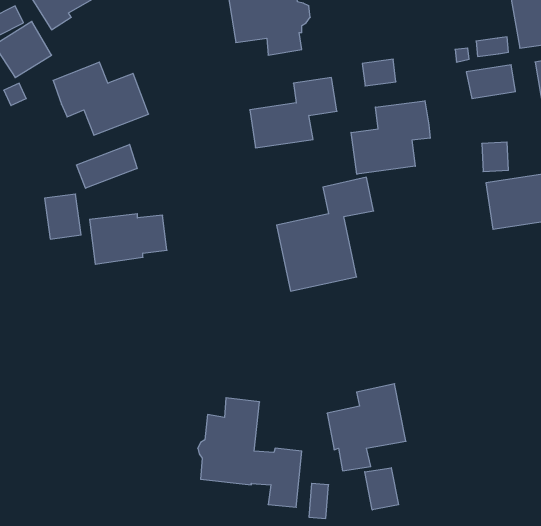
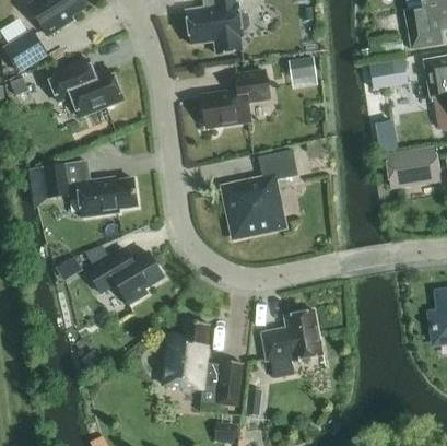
building: [351,101,430,174] -> none
building: [77,144,137,188] -> none
building: none -> [86,247,163,303]
building: [365,468,398,510] -> none

